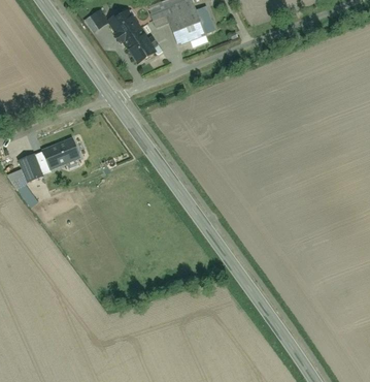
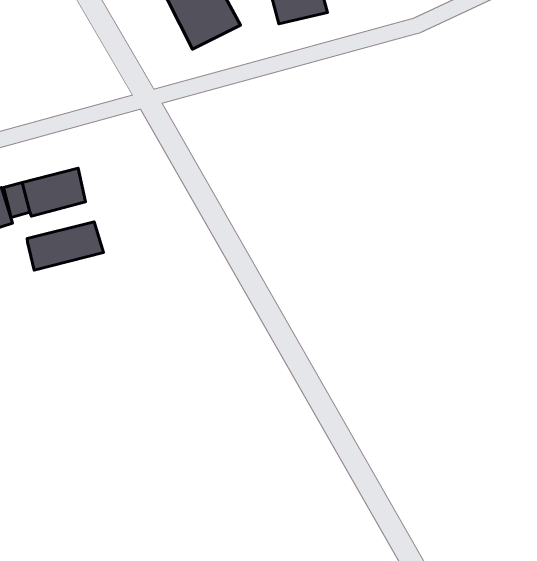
building: none -> [27,222,103,270]

